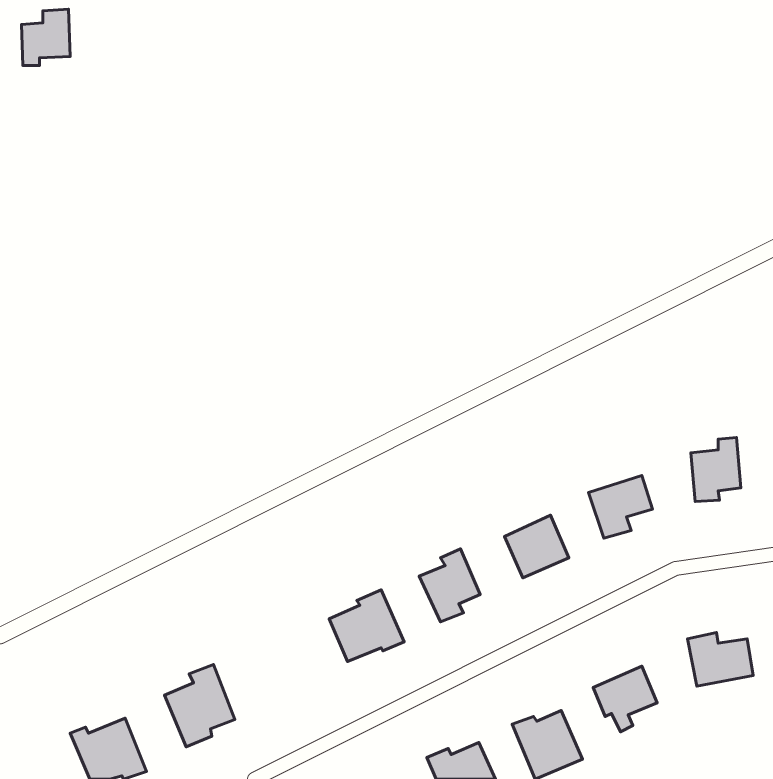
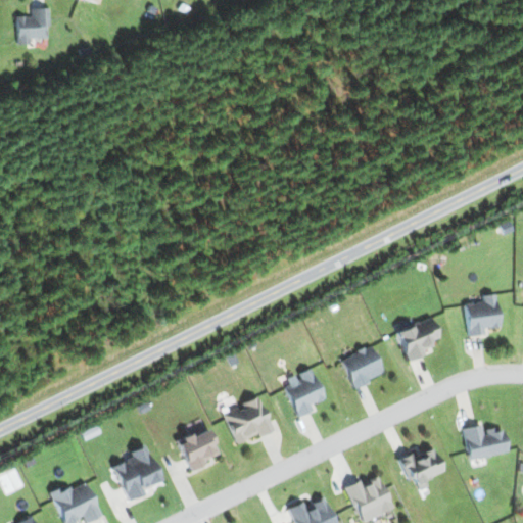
building: none -> [178,420,221,470]

